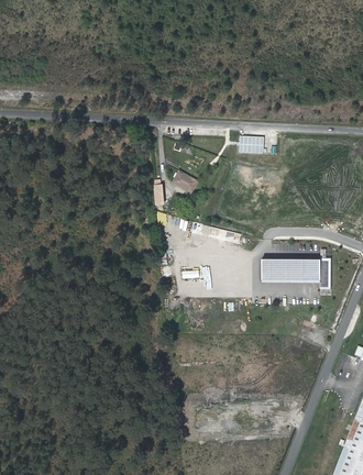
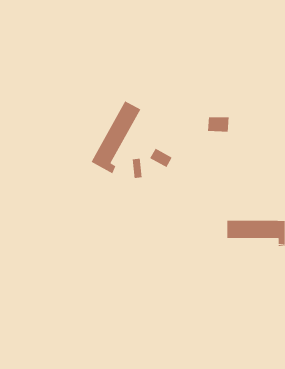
building: none -> [91,100,141,174]

